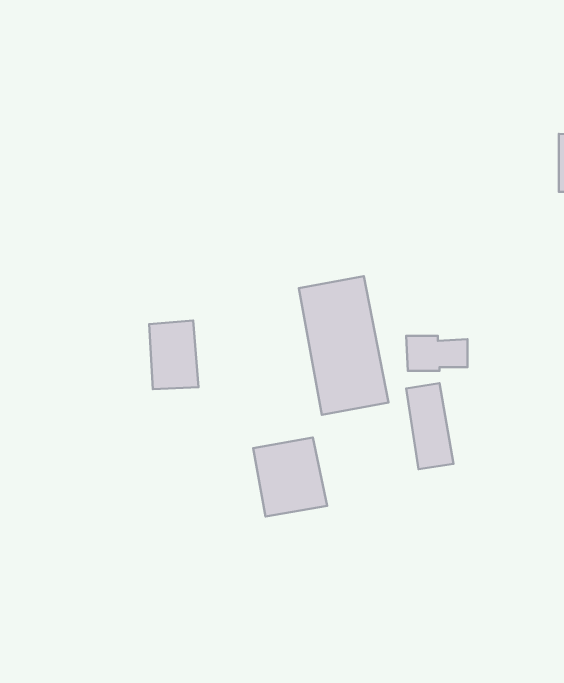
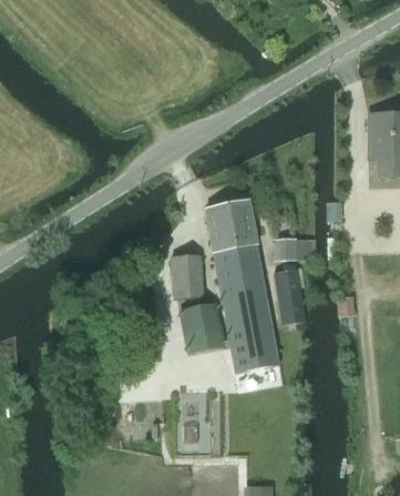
building: [149,321,198,389] -> [173,254,204,297]
building: none -> [222,280,278,367]

